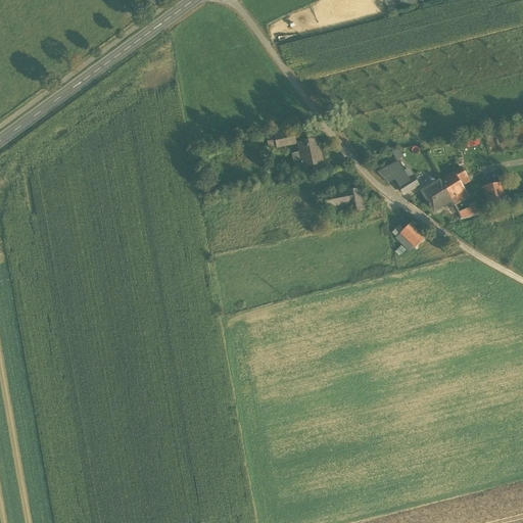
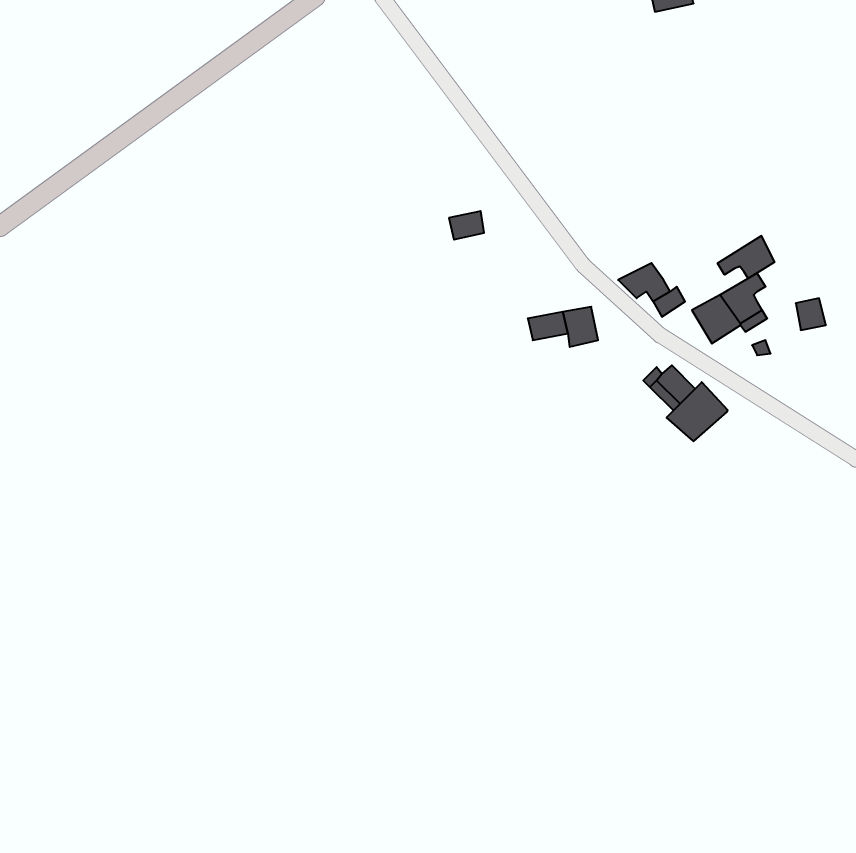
building: [297,137,322,165] -> none
building: none -> [718,236,774,278]
building: none -> [667,382,728,441]

